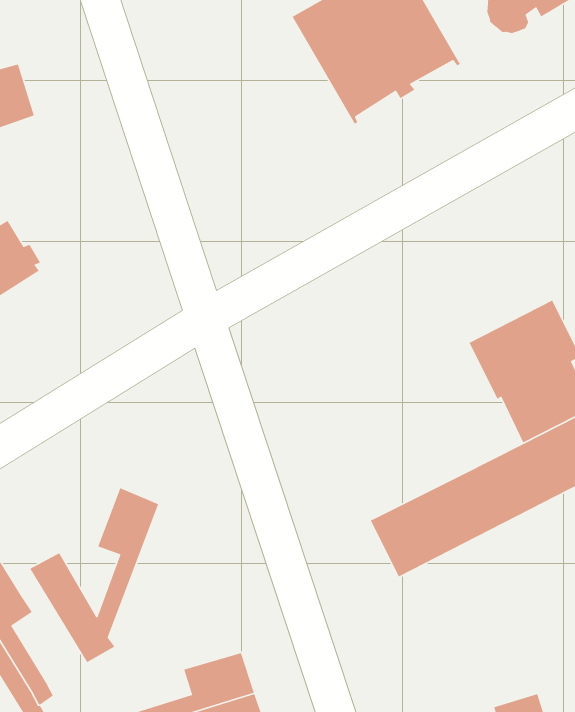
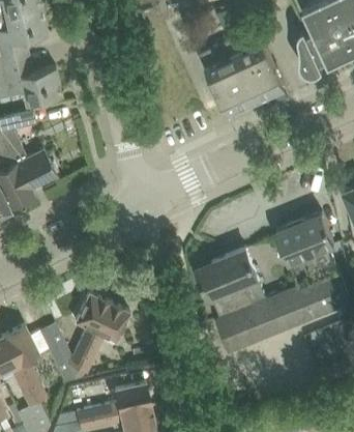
building: none -> [197,250,267,320]
building: none -> [77,304,129,375]

